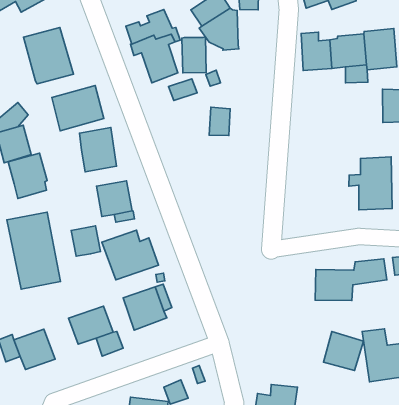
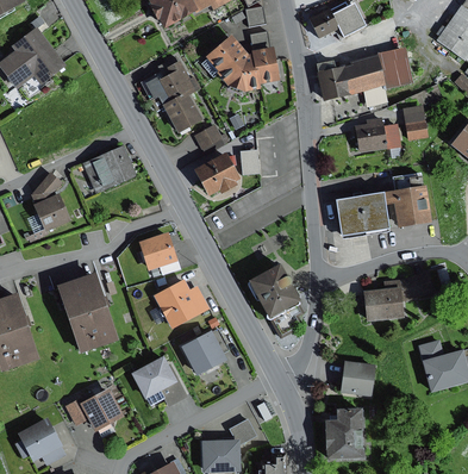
building: [23,27,73,84] -> none
building: [182,37,206,73] -> [250,46,279,85]
building: none -> [354,117,400,152]
building: none -> [194,154,238,195]
building: [79,127,117,172] -> none
building: [8,153,47,199] -> none
building: none -> [335,195,387,237]
building: [71,226,100,256] -> none
building: none -> [247,264,299,320]
building: [324,331,364,370] -> [339,361,375,395]

